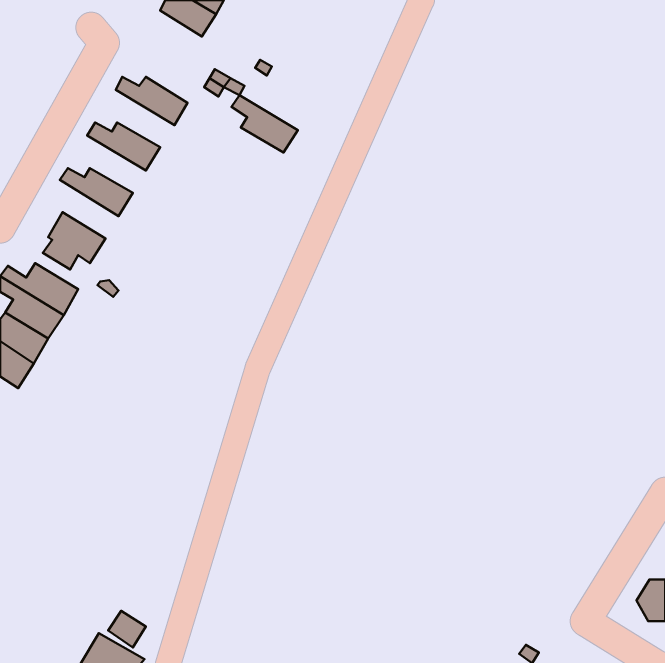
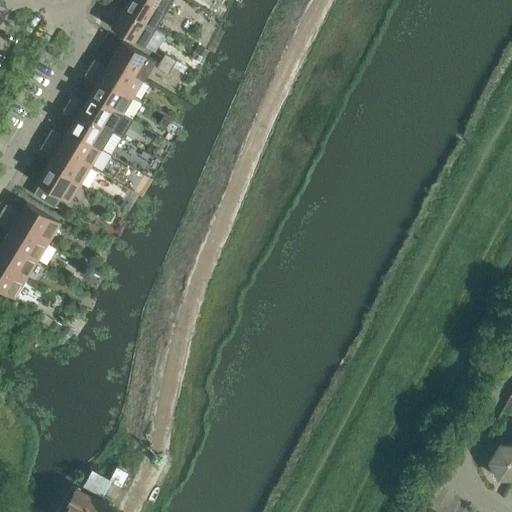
building: none -> [112,10,155,48]
building: none -> [112,42,155,81]
building: [232,95,298,152] -> [83,71,134,115]
building: none -> [61,106,112,150]
building: none -> [40,140,91,185]

